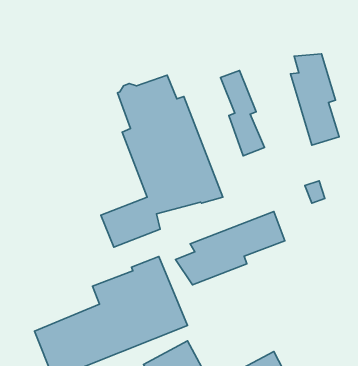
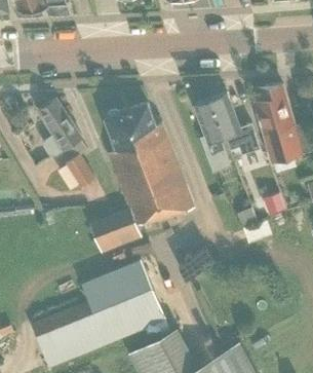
building: none -> [209,92,259,153]
building: none -> [37,98,93,186]
building: [175,211,285,285] -> none

